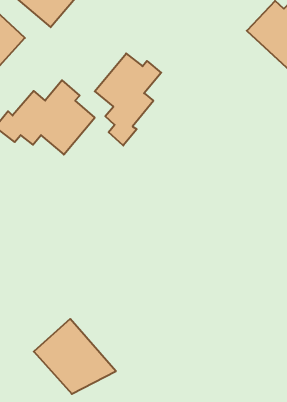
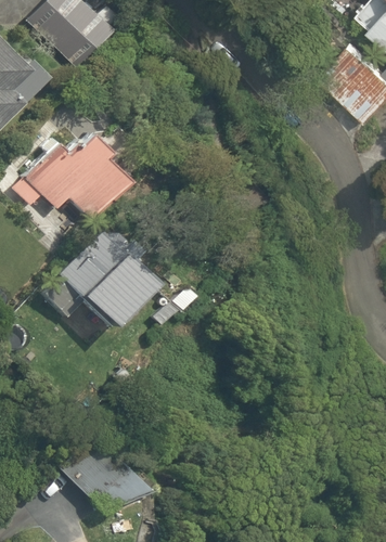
building: [95,53,161,146] -> none
building: none -> [43,229,158,337]

